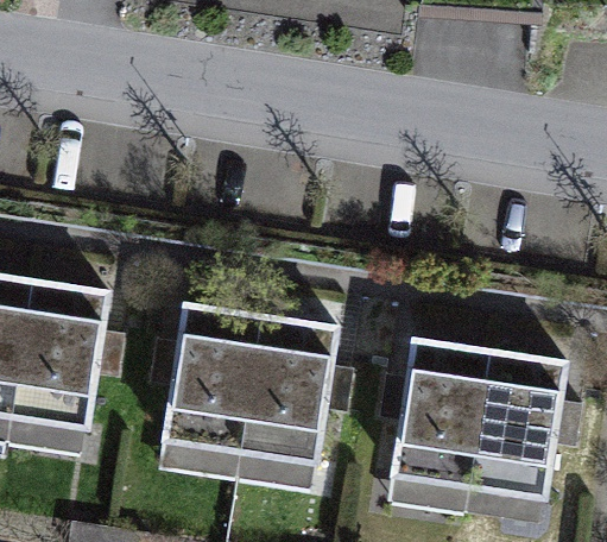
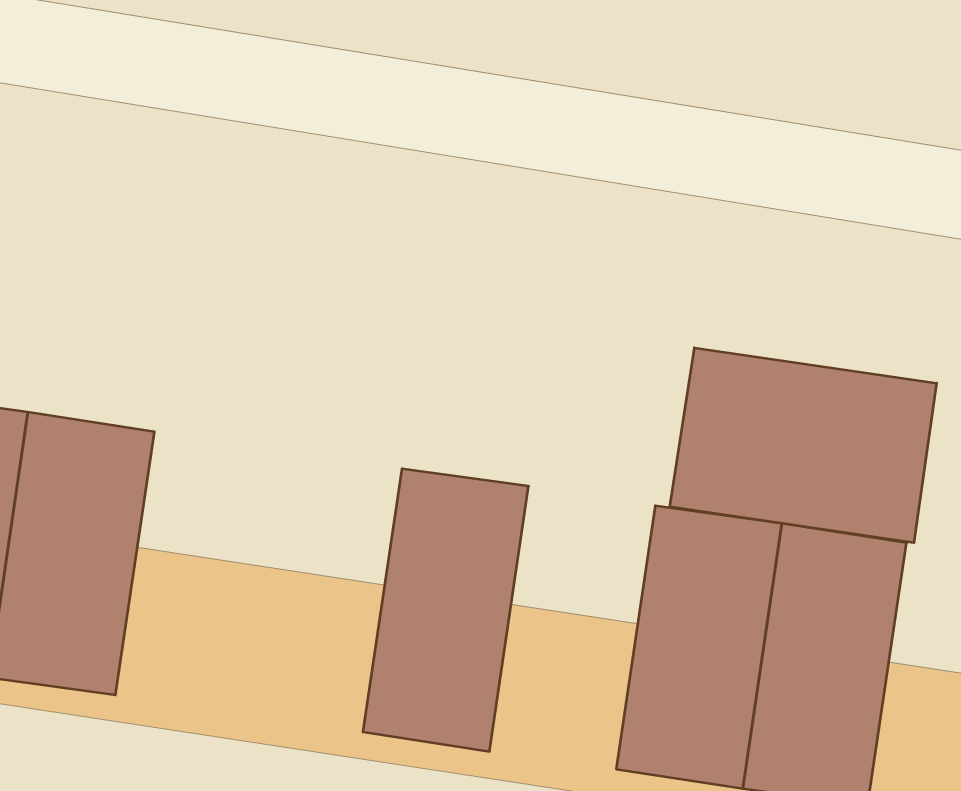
building: none -> [670,348,937,543]
building: [158,305,259,478] -> none

